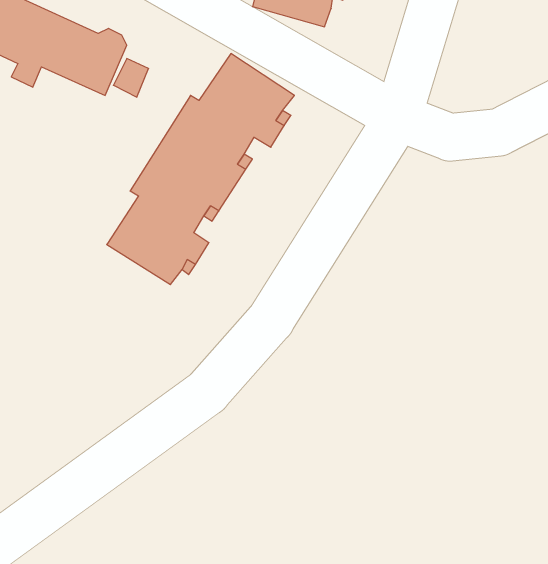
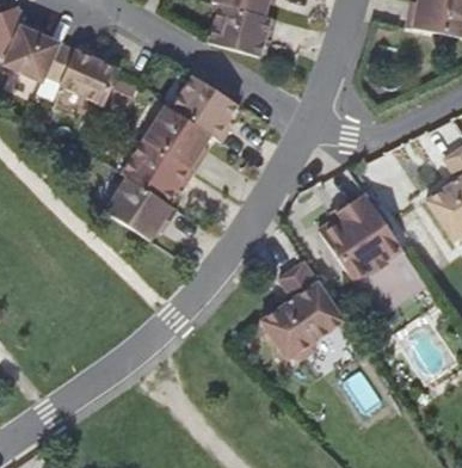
building: none -> [318,193,404,285]
building: none -> [261,264,345,361]

